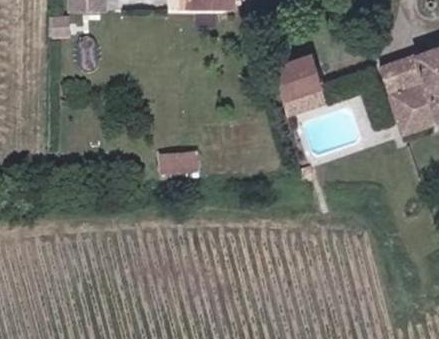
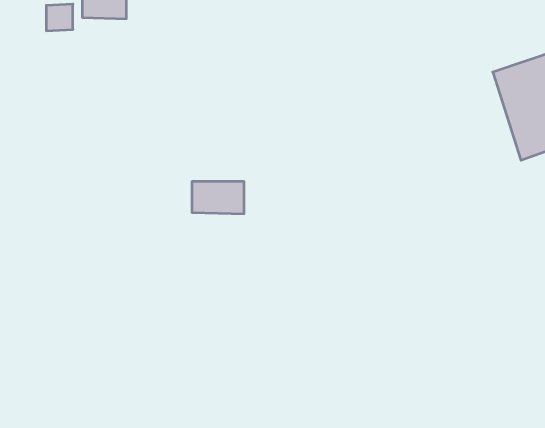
building: [277,55,324,110] -> none

